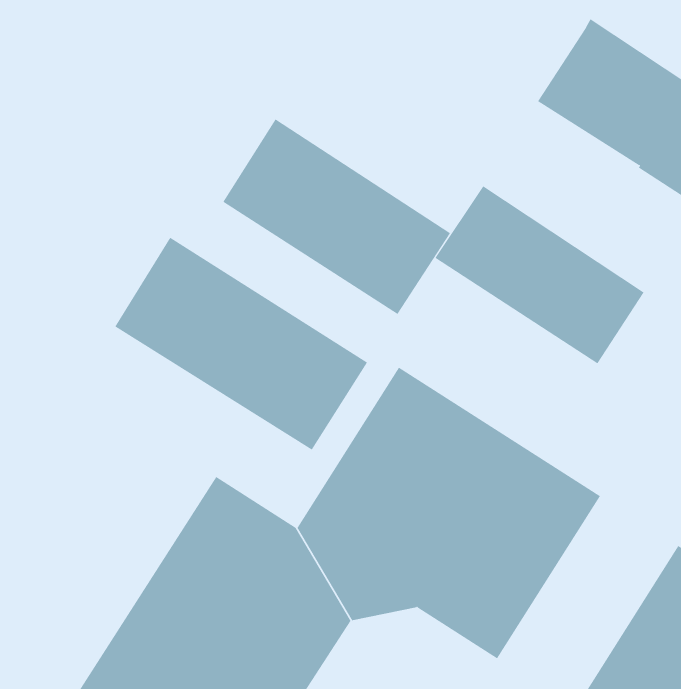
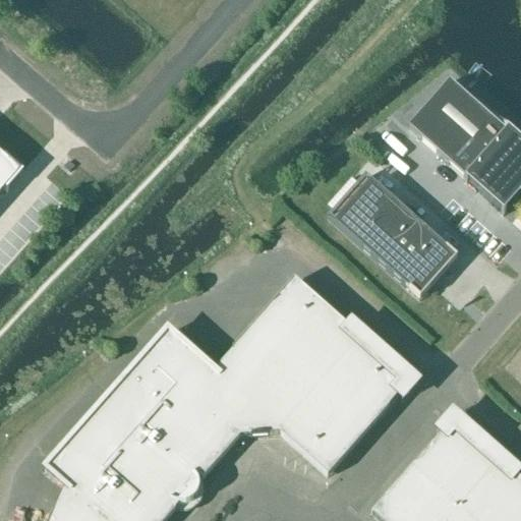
building: [223,119,451,315] -> none
building: [115,237,368,451] -> none

